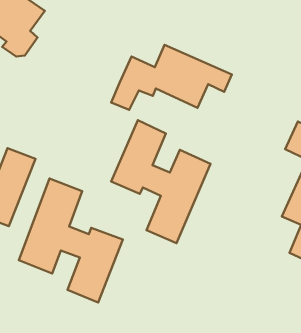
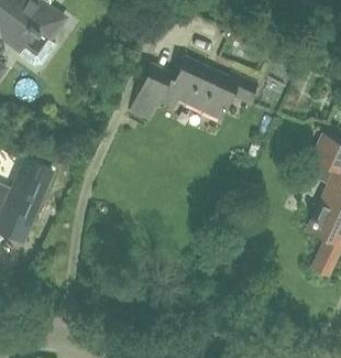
building: [111,120,210,243] -> none
building: [19,179,123,303] -> none

